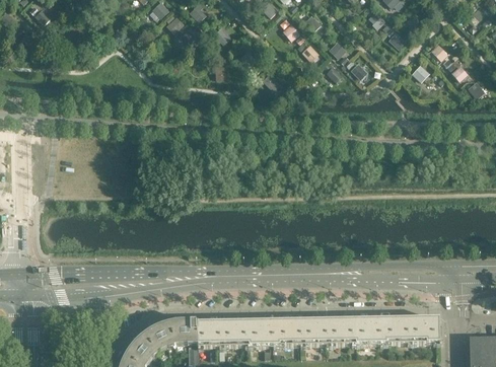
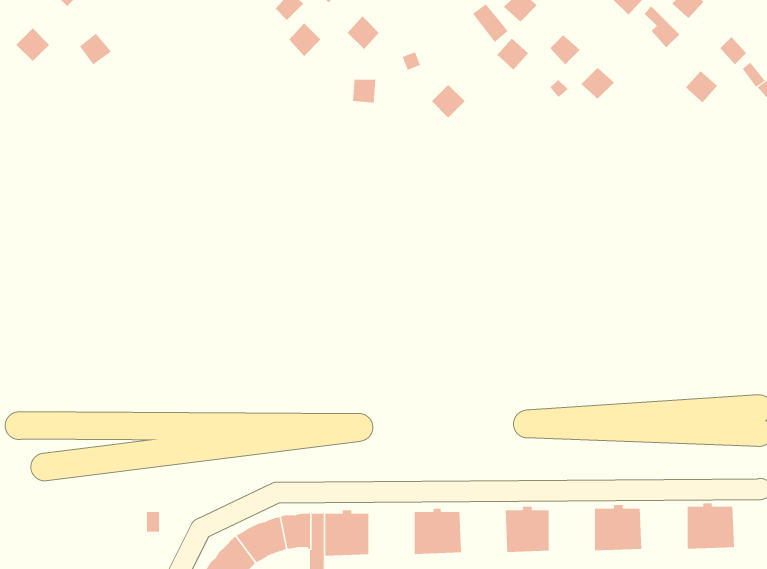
building: [382,318,410,345] -> none
building: [276,319,303,347] -> none
building: [329,319,355,346] -> none
building: [222,320,249,348] -> none

